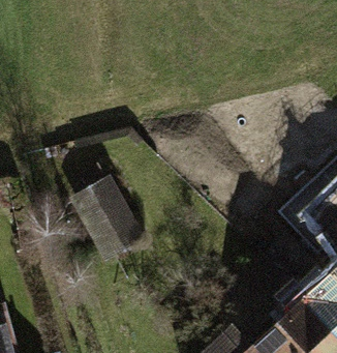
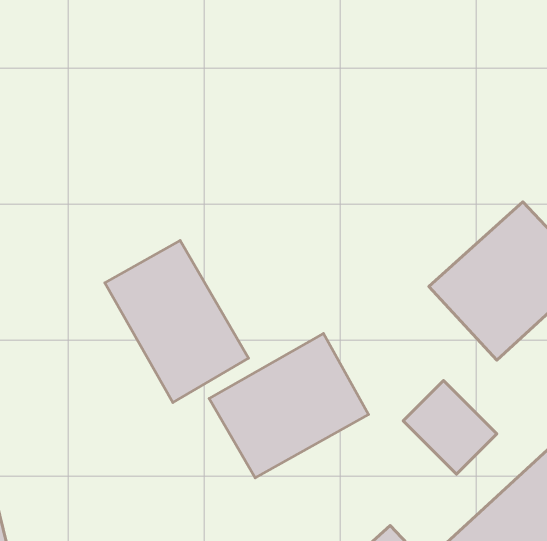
building: none -> [209,334,368,478]

